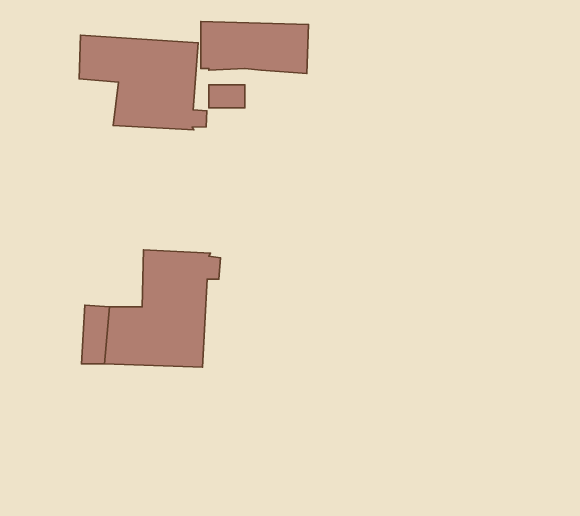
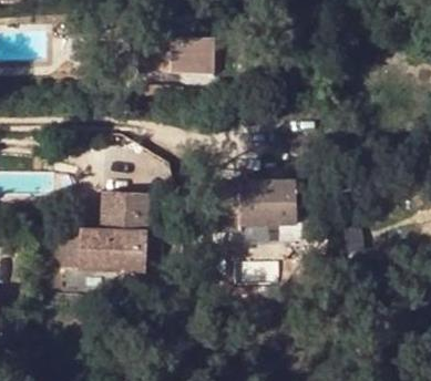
building: [79,35,207,130] -> none
building: none -> [214,187,295,237]

